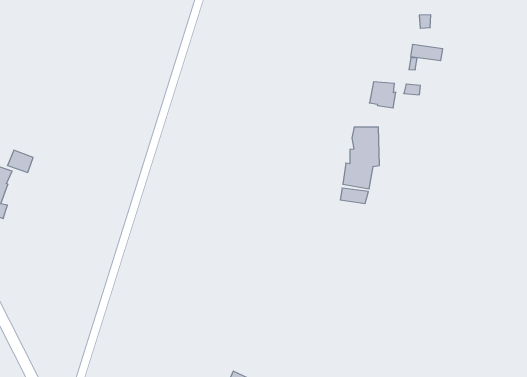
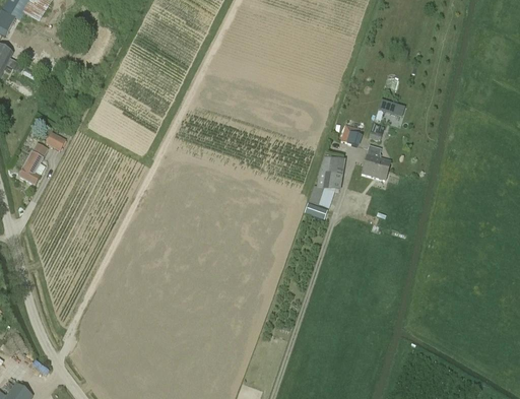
building: none -> [361,144,390,180]

